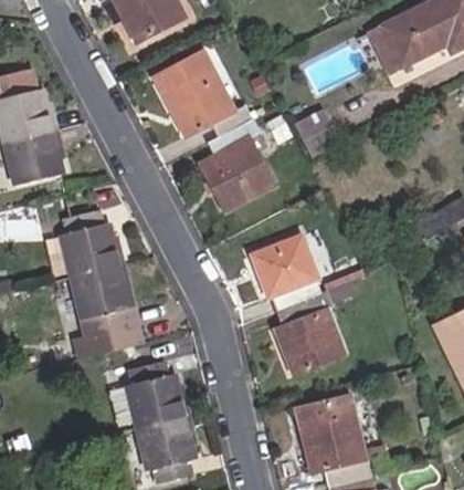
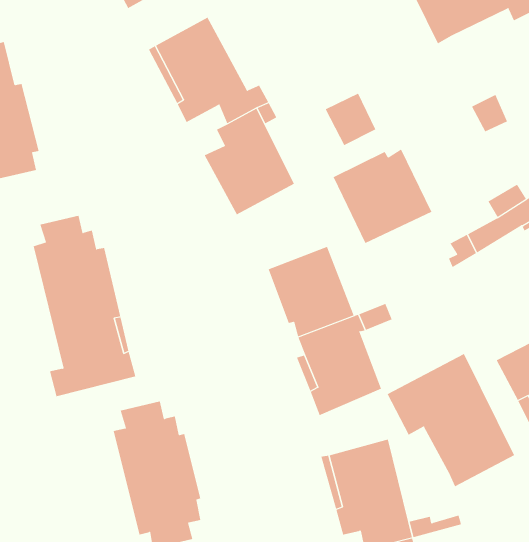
building: none -> [333,148,432,244]
building: none -> [387,353,515,487]

